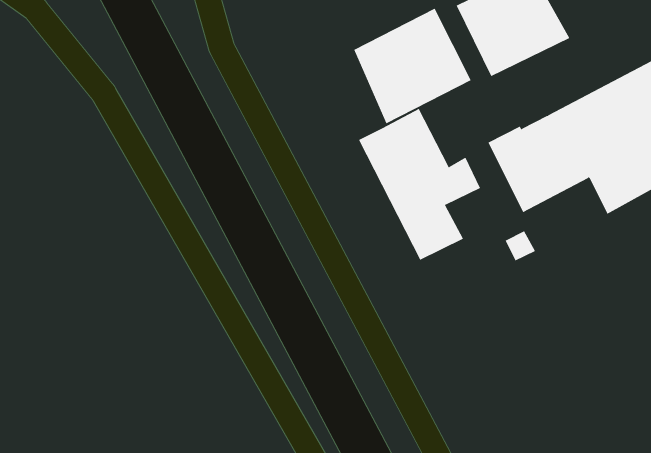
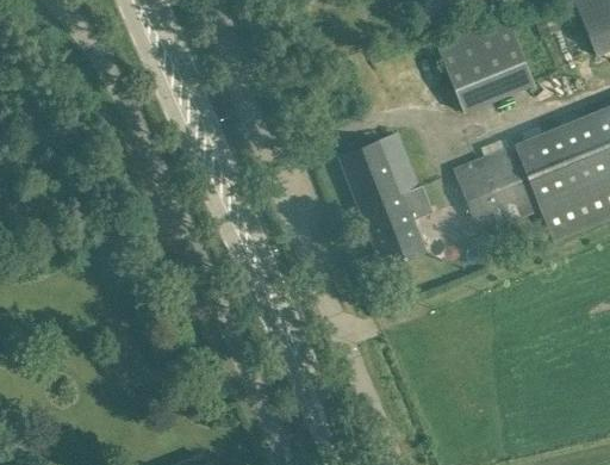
building: [353,8,472,124] -> none

